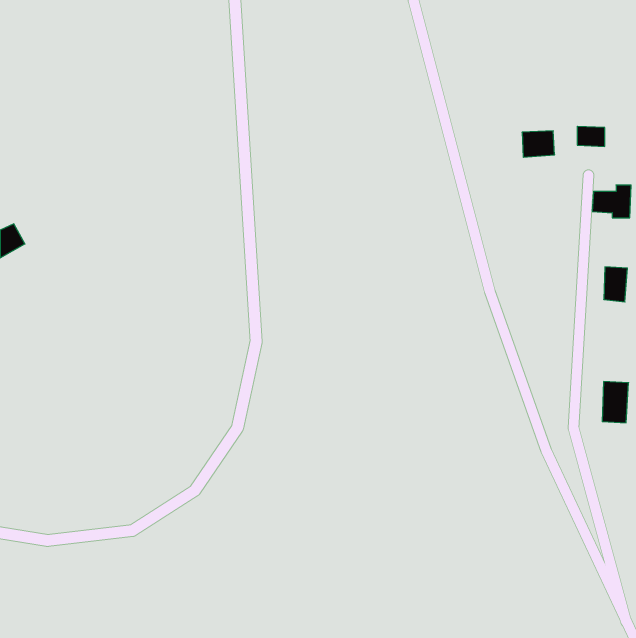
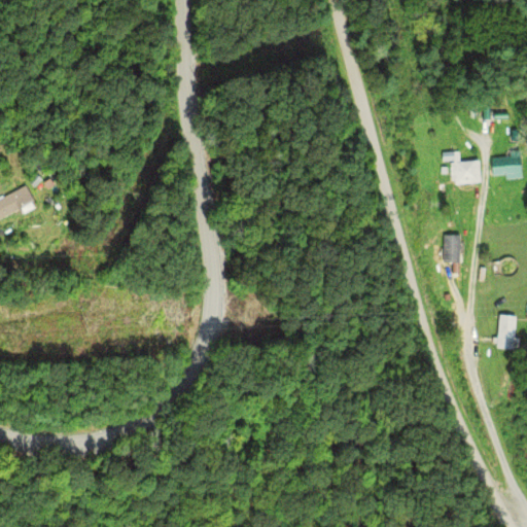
building: [522,131,555,157] -> [453,162,480,183]
building: [604,267,627,302] -> [443,236,462,265]

